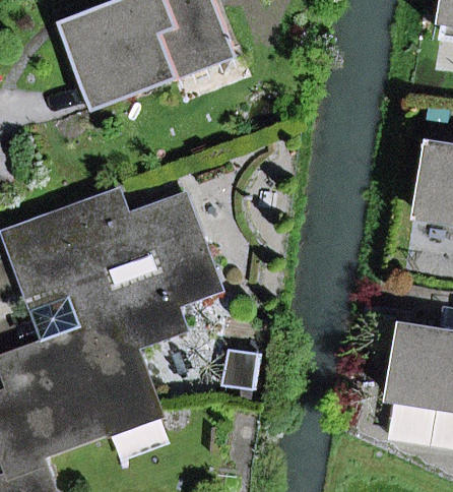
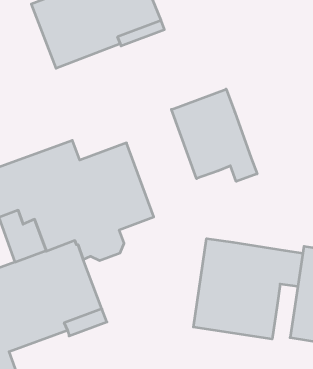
building: none -> [171,89,257,181]
building: none -> [193,239,303,339]

